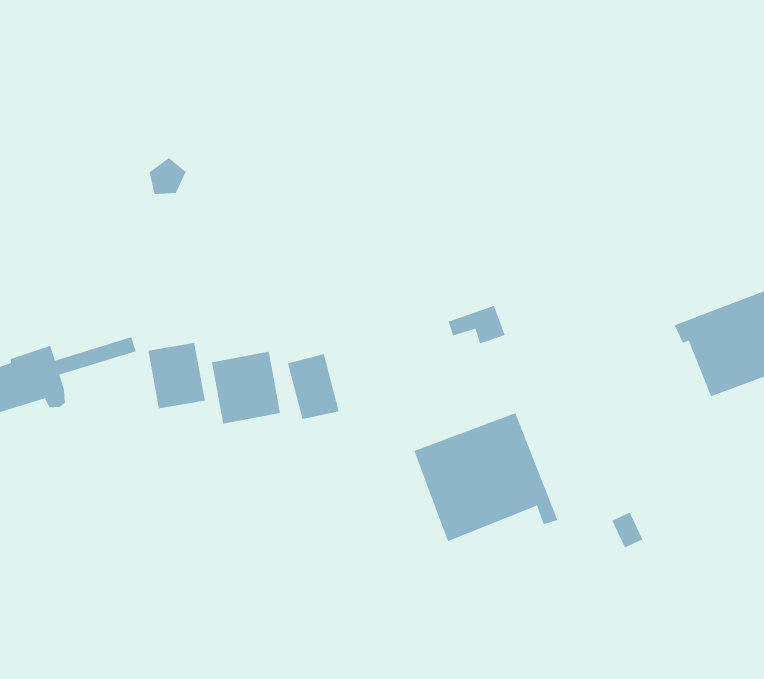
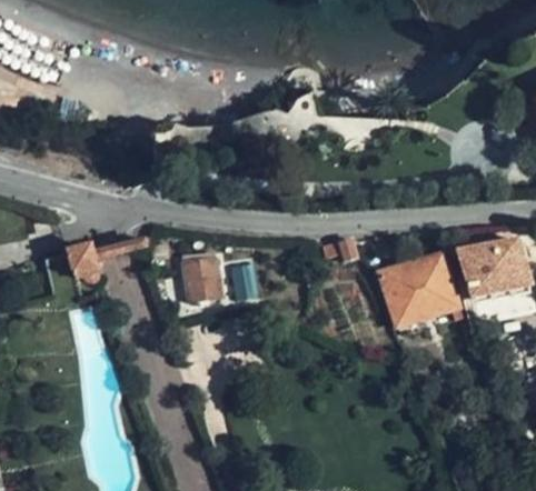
building: [148,342,205,409] -> none
building: [414,412,558,542] -> [378,253,460,327]

